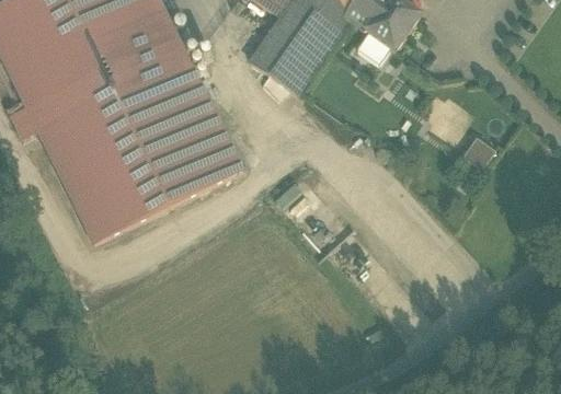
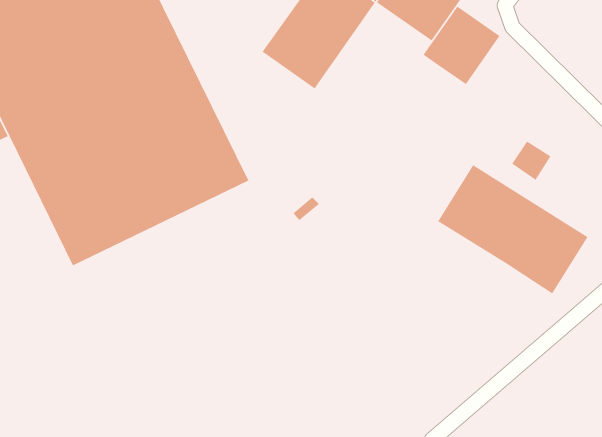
building: none -> [423,5,501,85]
building: none -> [437,164,588,294]

